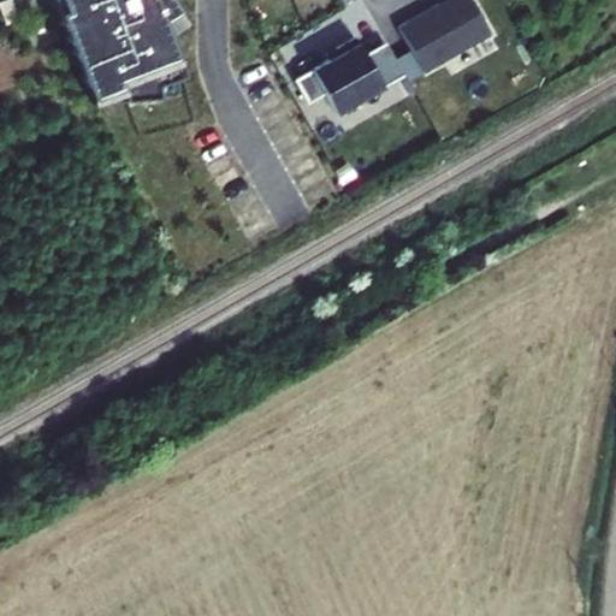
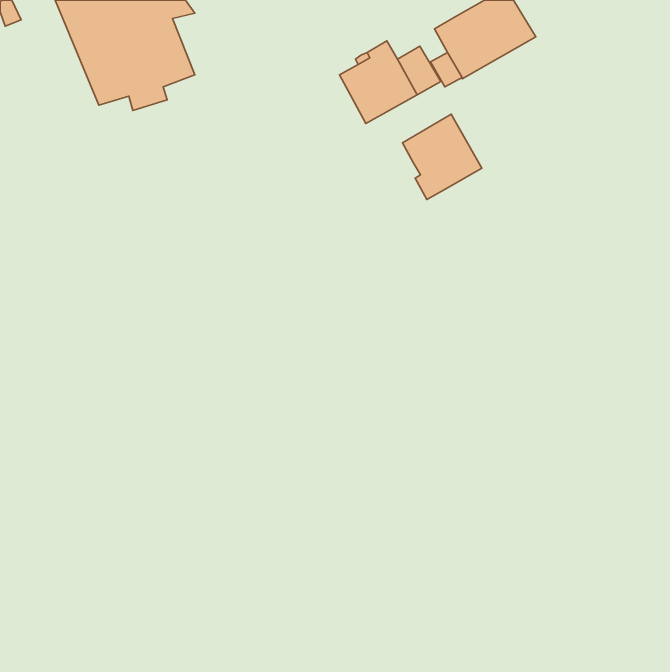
building: none -> [402,114,482,200]

